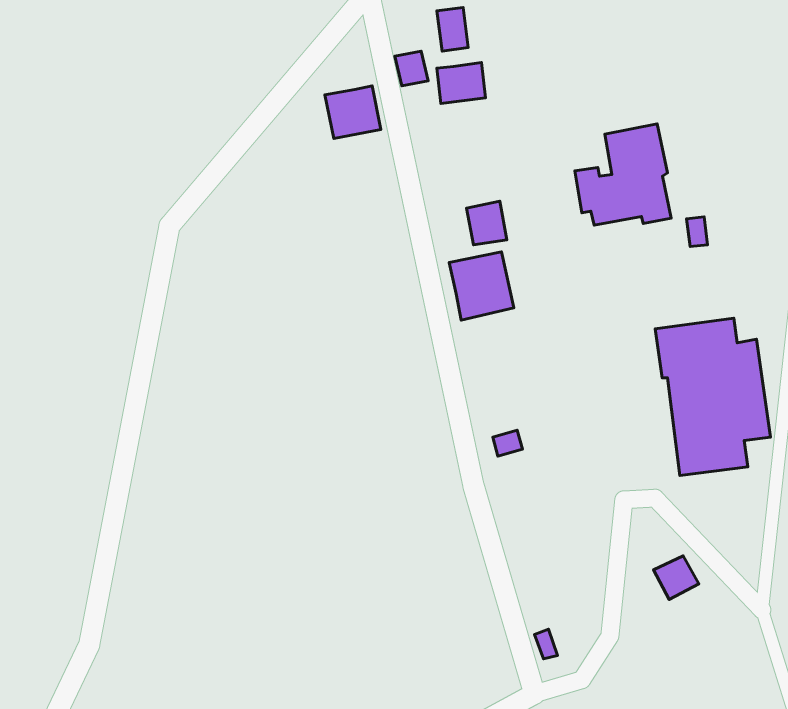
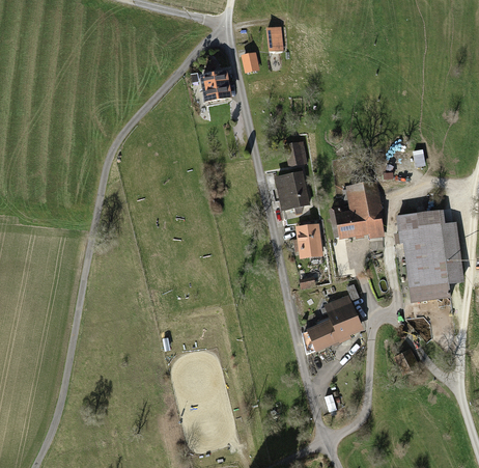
building: [437,63,485,104] -> none
building: [575,124,671,225] -> [328,180,385,240]
building: none -> [294,223,322,257]
building: none -> [306,294,362,352]

